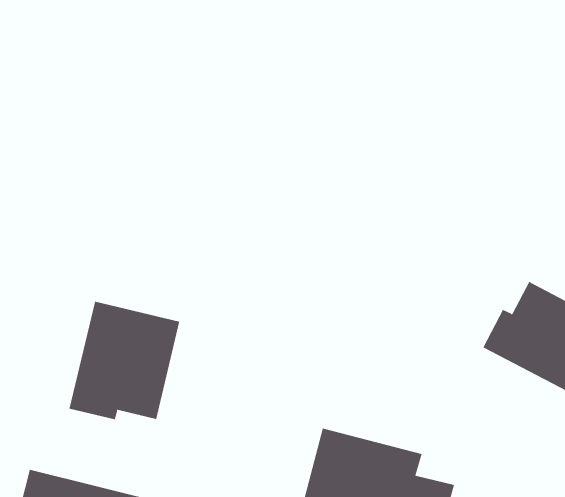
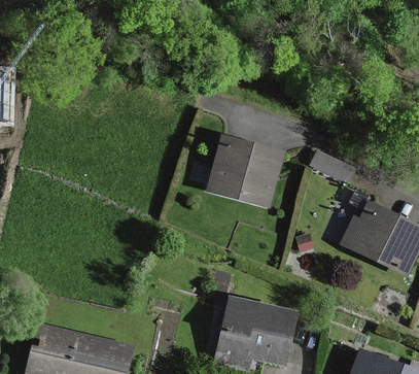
building: none -> [204,132,285,210]
building: [69,301,180,420] -> none

